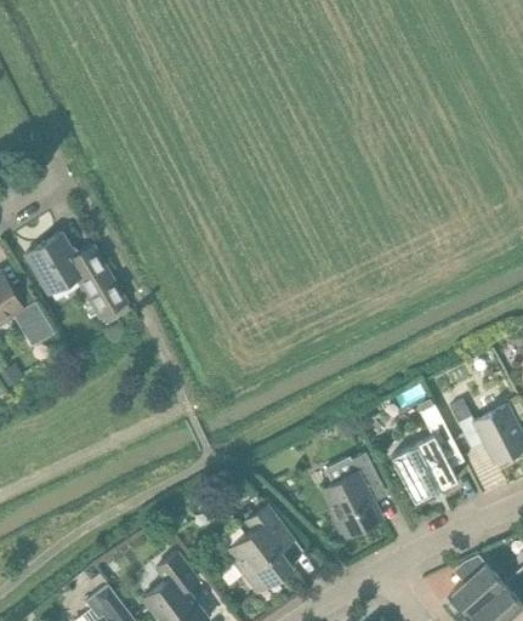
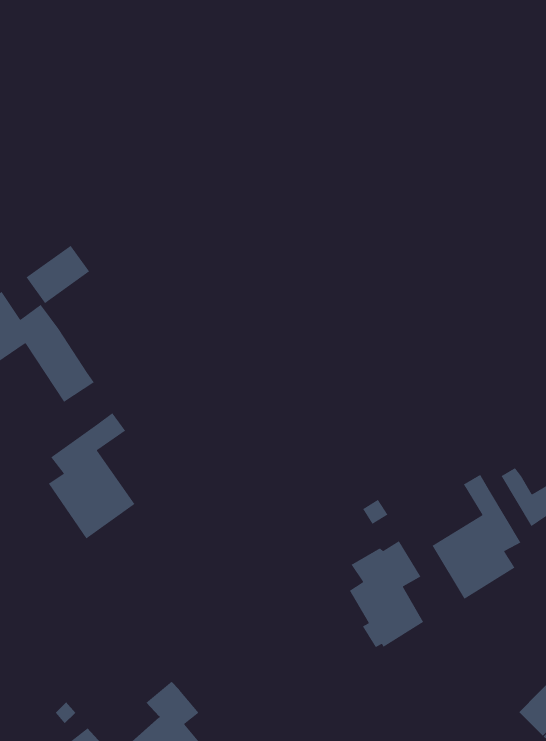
building: none -> [25,245,90,304]
building: none -> [48,412,135,539]
building: [227,506,295,593] -> none

